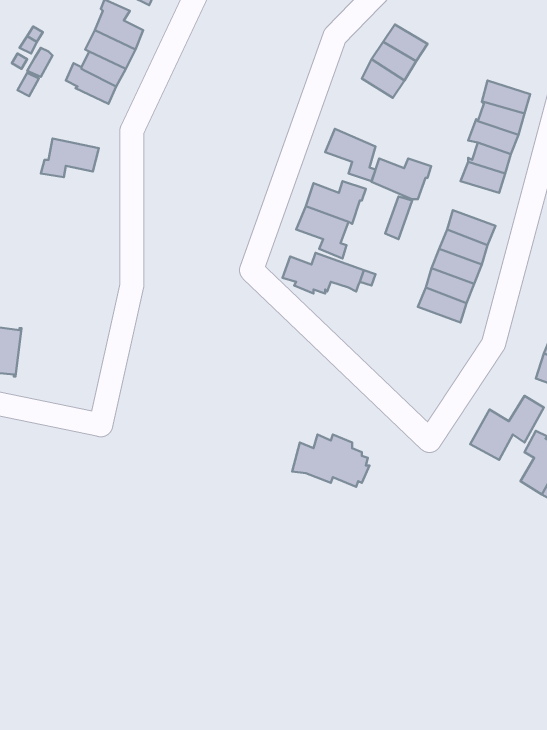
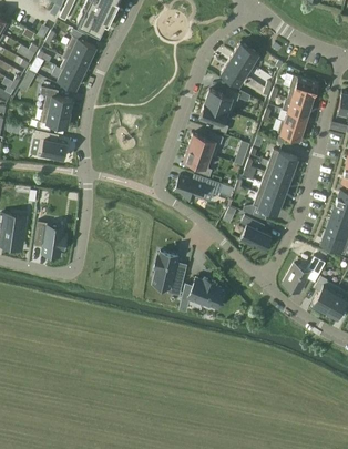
building: none -> [40,86,73,114]
building: [371,159,431,199] -> [205,90,239,113]
building: none -> [32,131,65,159]
building: none -> [239,216,270,249]
building: none -> [34,222,66,256]
building: none -> [154,252,185,295]

